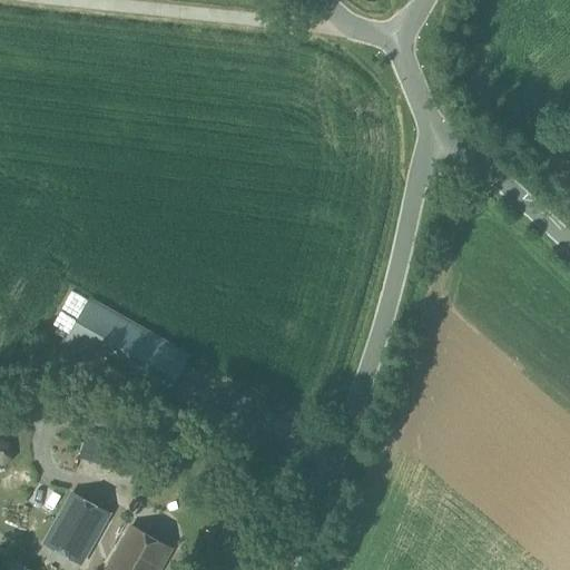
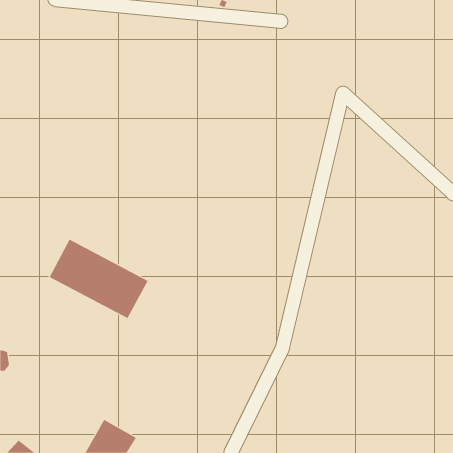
building: [43,492,109,562] -> none

